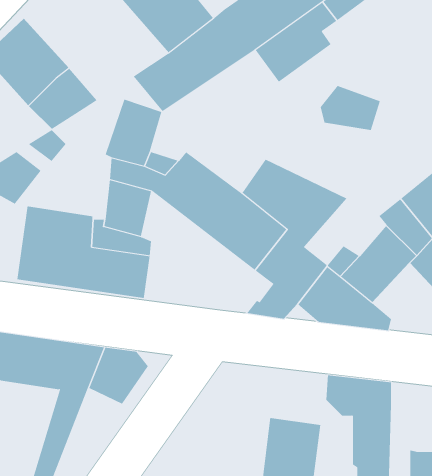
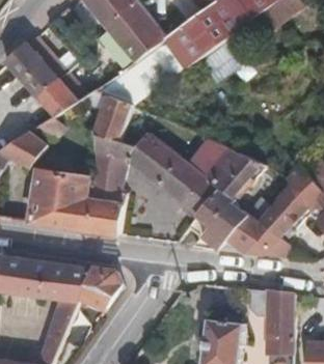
building: [320,85,380,131] -> none

